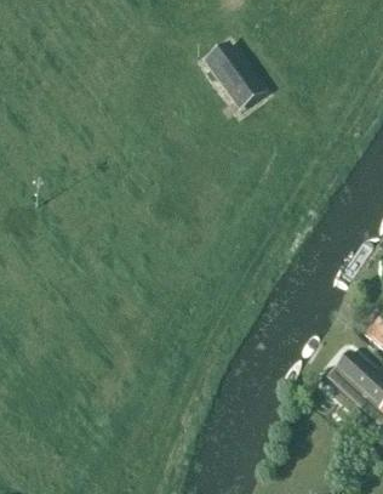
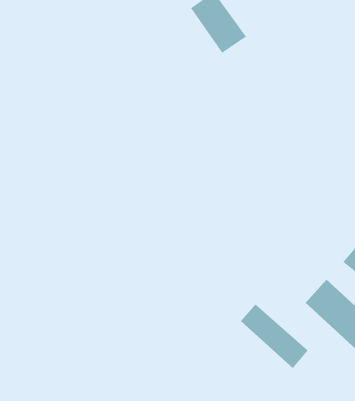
building: none -> [240,304,308,369]

